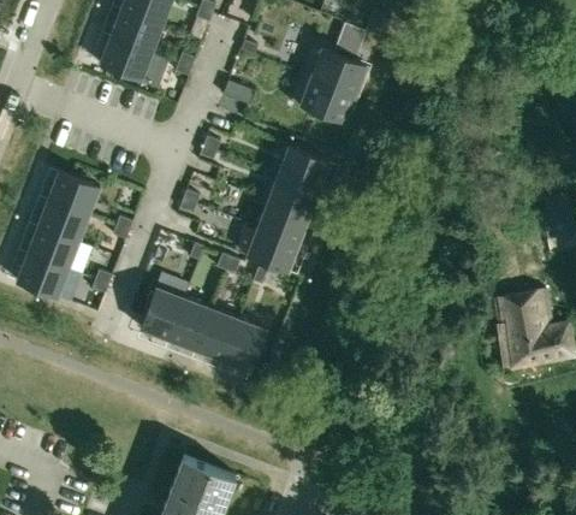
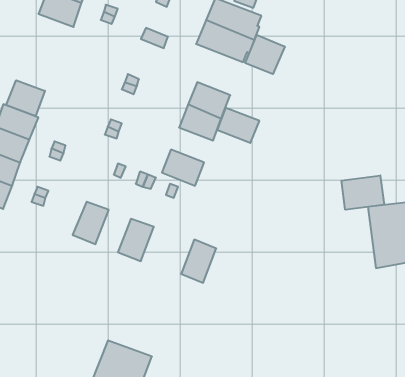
building: none -> [245,35,285,74]
building: none -> [6,80,45,116]
building: [259,200,309,242] -> [217,108,259,143]
building: none -> [342,175,384,210]
building: [168,298,210,349] -> none
building: [222,319,265,371] -> [181,240,216,283]

